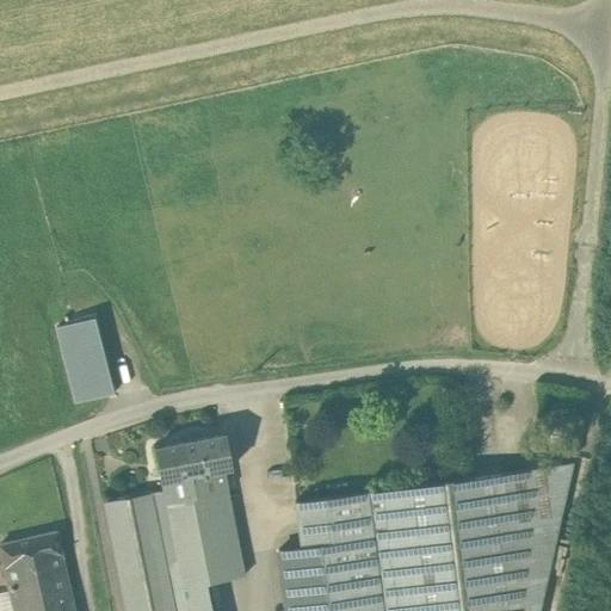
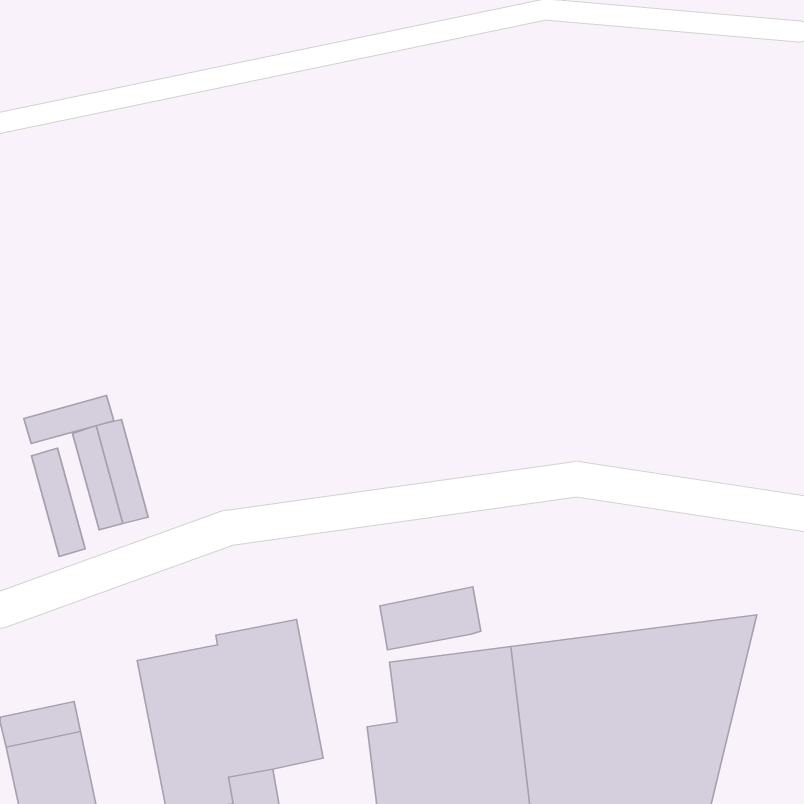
building: none -> [24,396,114,443]
building: none -> [32,448,85,556]
building: [156,434,233,482] -> [380,587,481,650]

